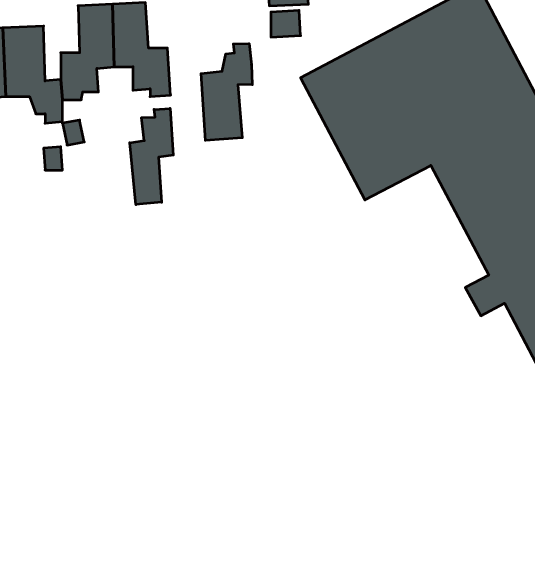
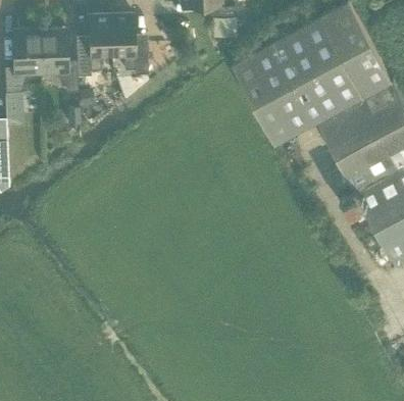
building: [201,44,252,140] -> none
building: [130,108,173,205] -> none

